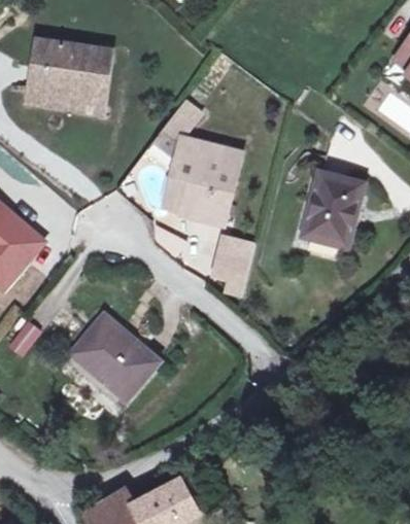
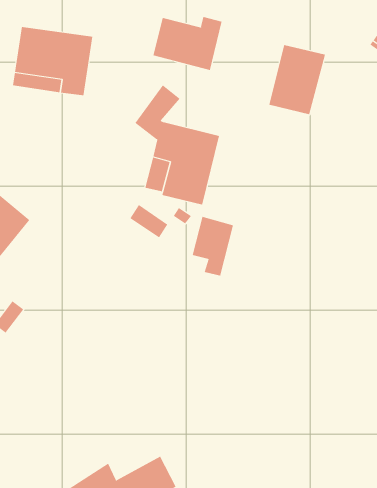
building: none -> [153,16,222,71]
building: [304,173,363,245] -> [269,45,326,115]
building: [79,315,158,398] -> none

